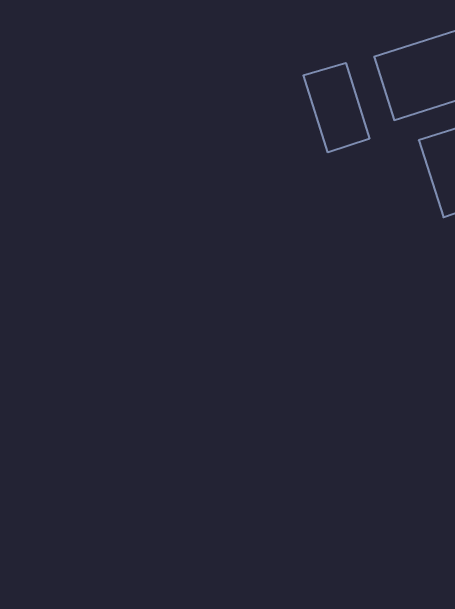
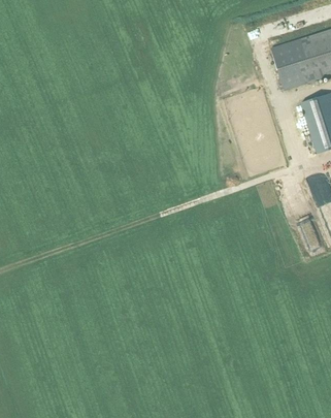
building: [303,63,369,152] -> none

